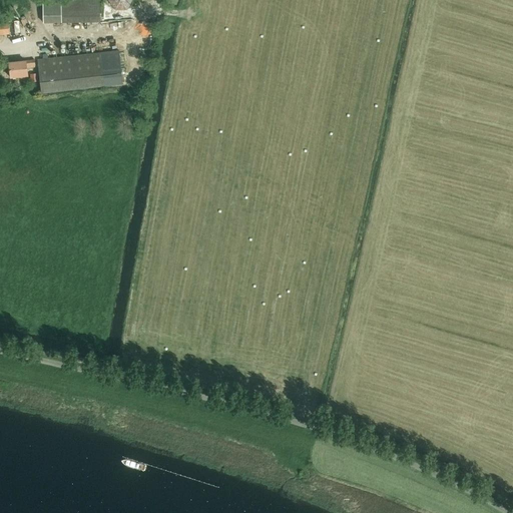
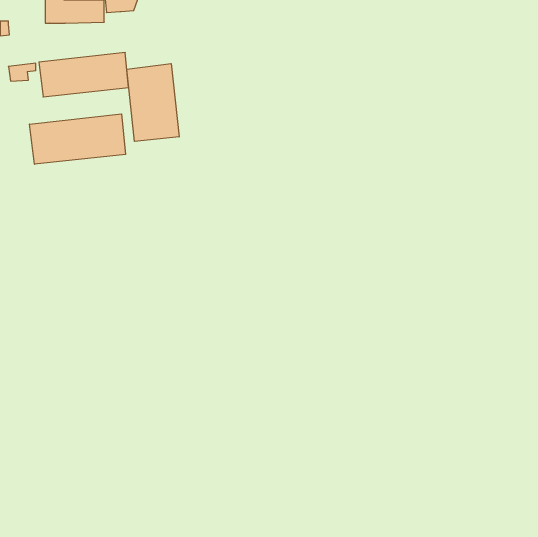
building: none -> [127,64,179,141]
building: none -> [30,114,126,164]

